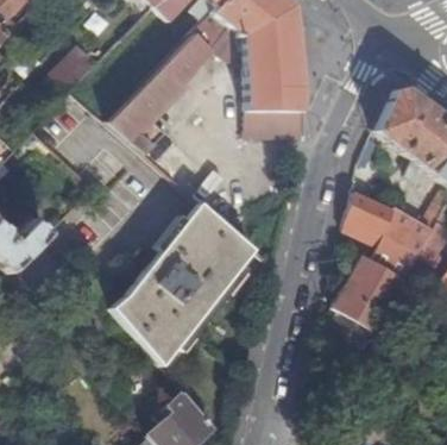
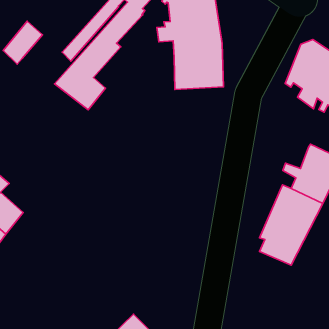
building: [348,189,397,233] -> none
building: [113,200,256,364] -> none

